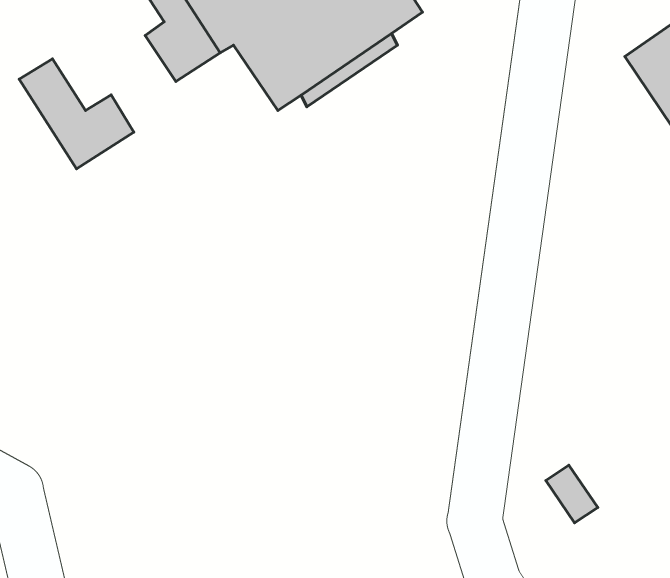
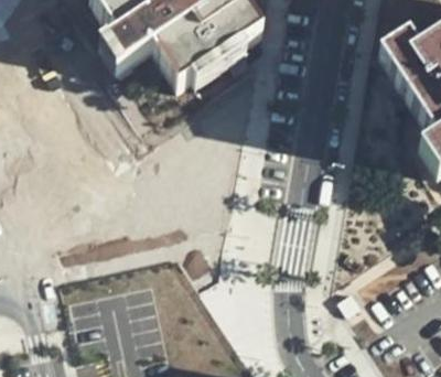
building: [19,59,134,169] -> none

